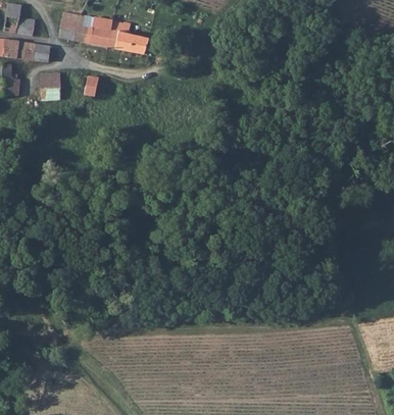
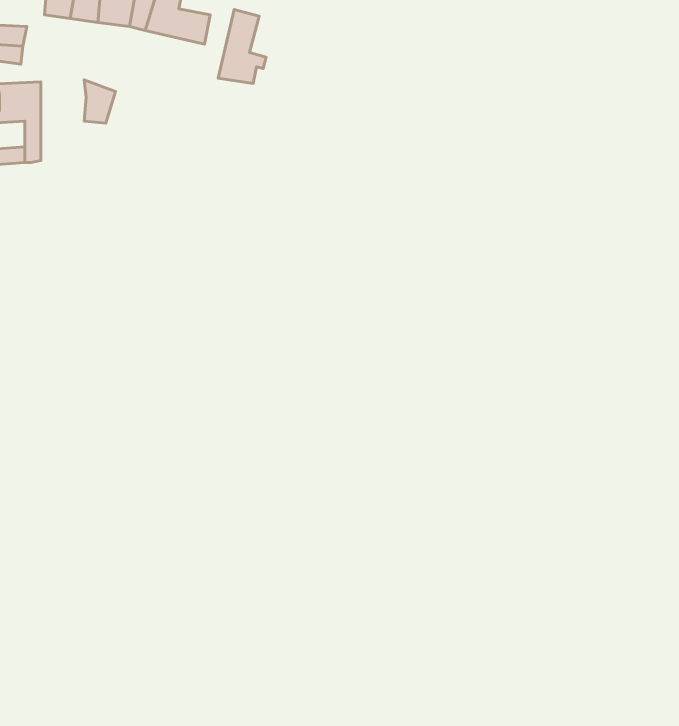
building: none -> [218,9,266,83]

